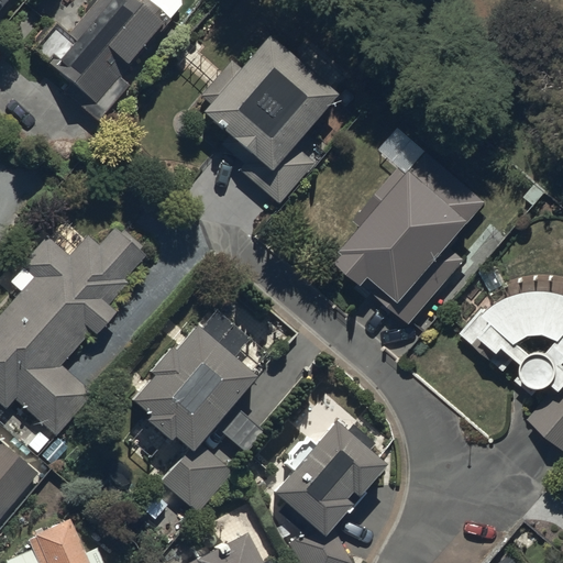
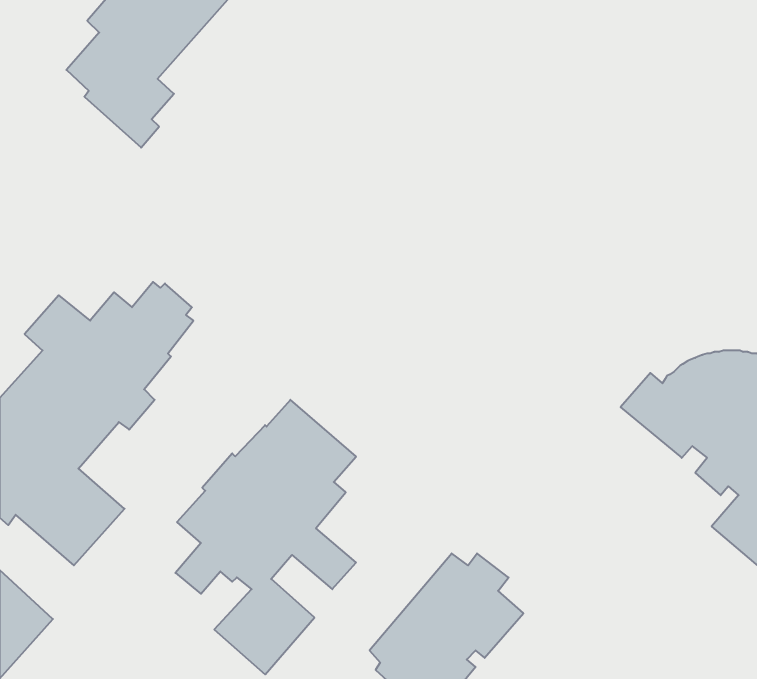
building: [189,37,335,205] -> none
building: [336,123,489,319] -> none

